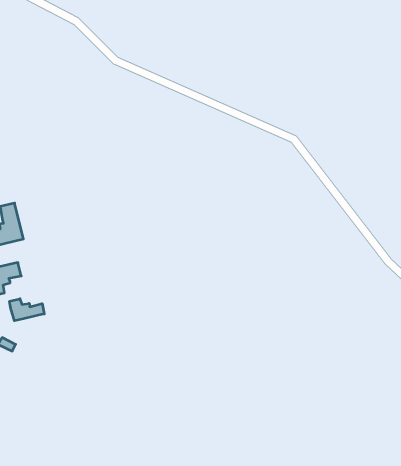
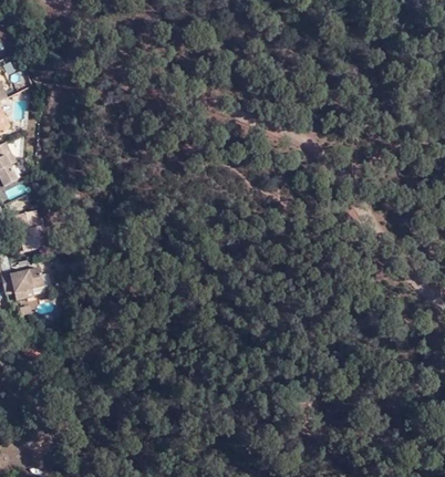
building: [10,299,44,321] -> none

